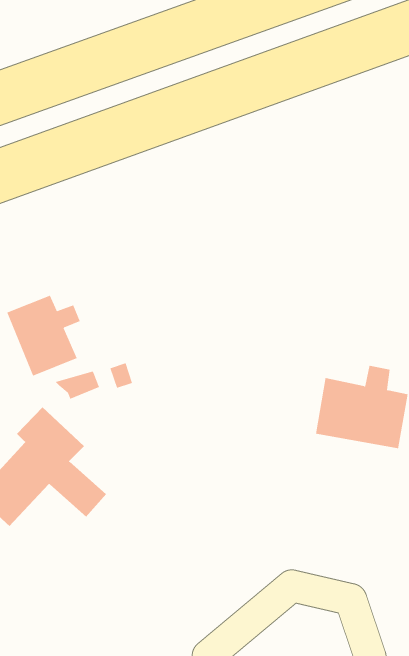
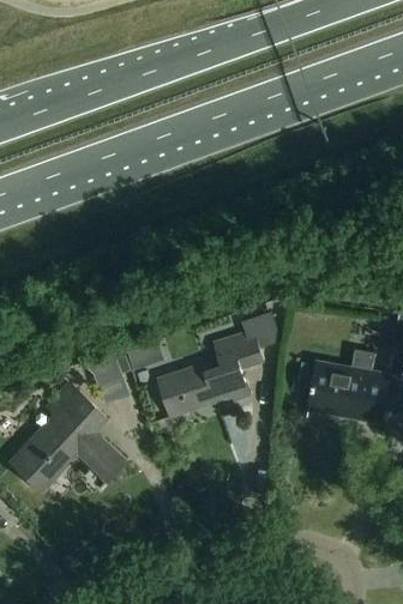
building: [7,295,81,376] -> none
building: none -> [156,310,281,417]

